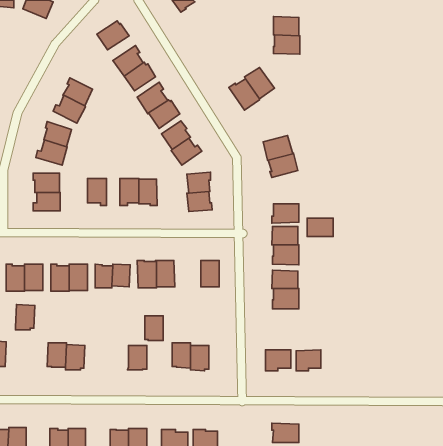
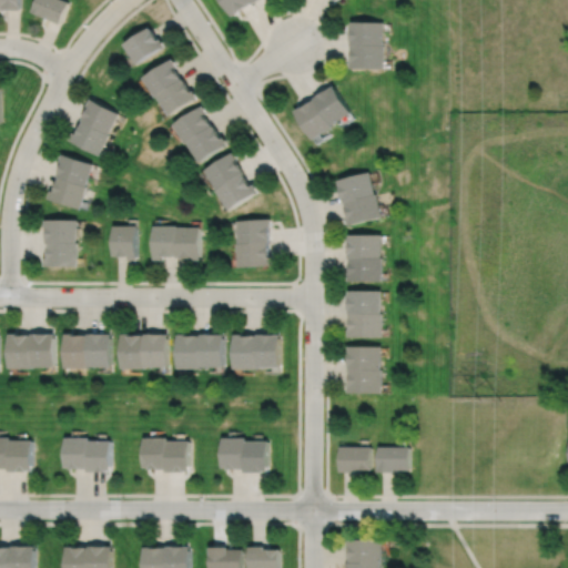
building: [307,218,333,236] -> [345,236,378,260]
building: none -> [232,332,255,366]
building: [15,305,35,330] -> [7,437,31,469]
building: [145,316,163,340] -> [140,436,163,467]

